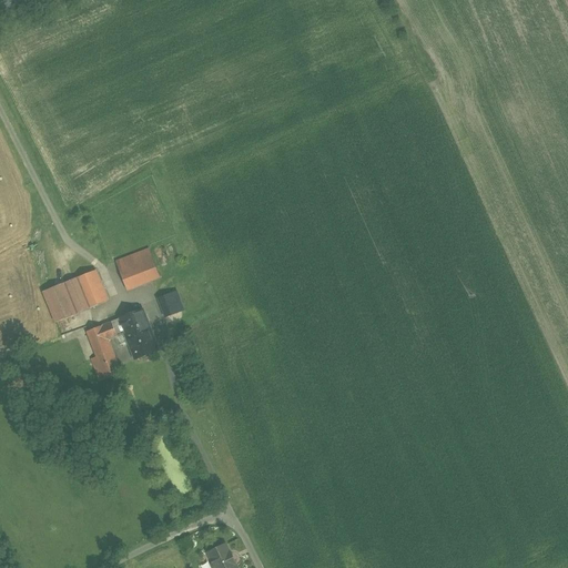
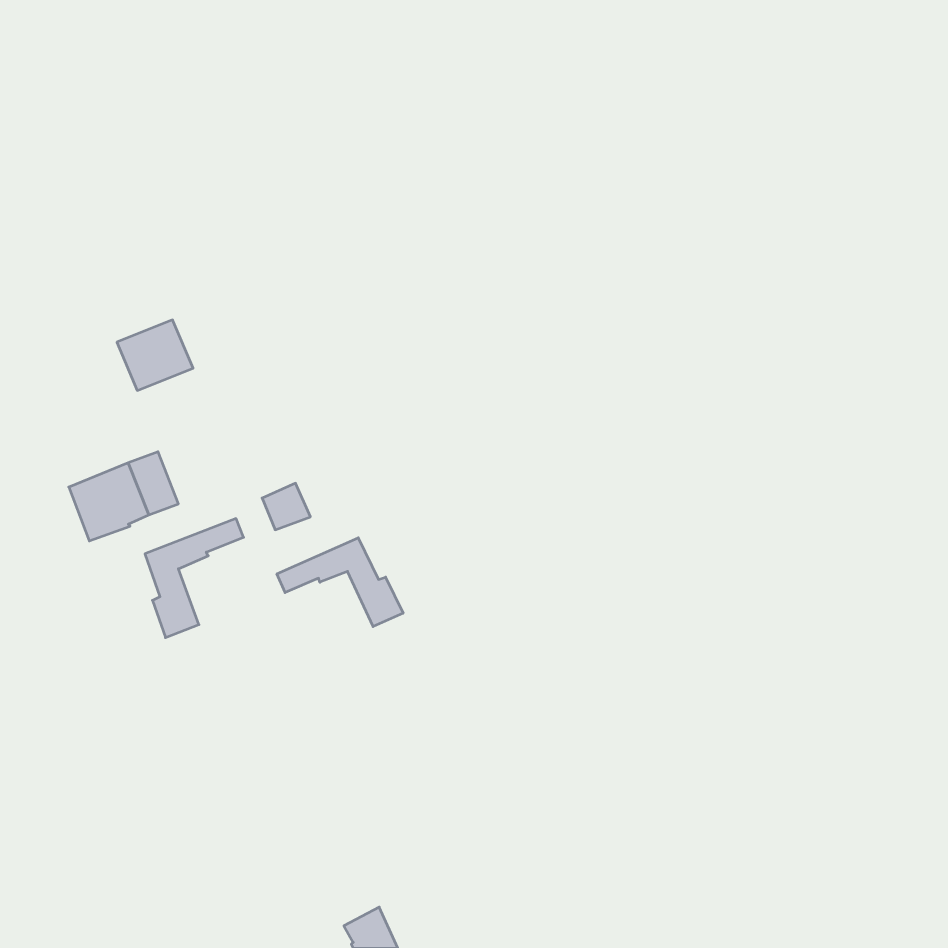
building: [114,247,160,290] -> [117,320,193,390]
building: [123,321,156,358] -> none
building: none -> [277,538,403,627]

